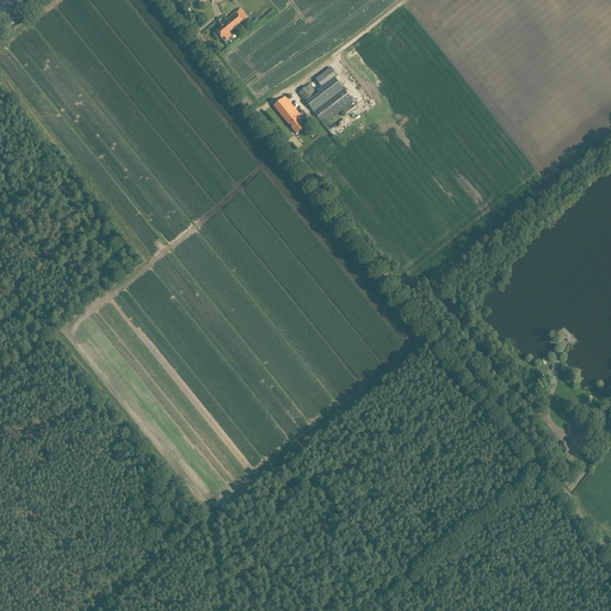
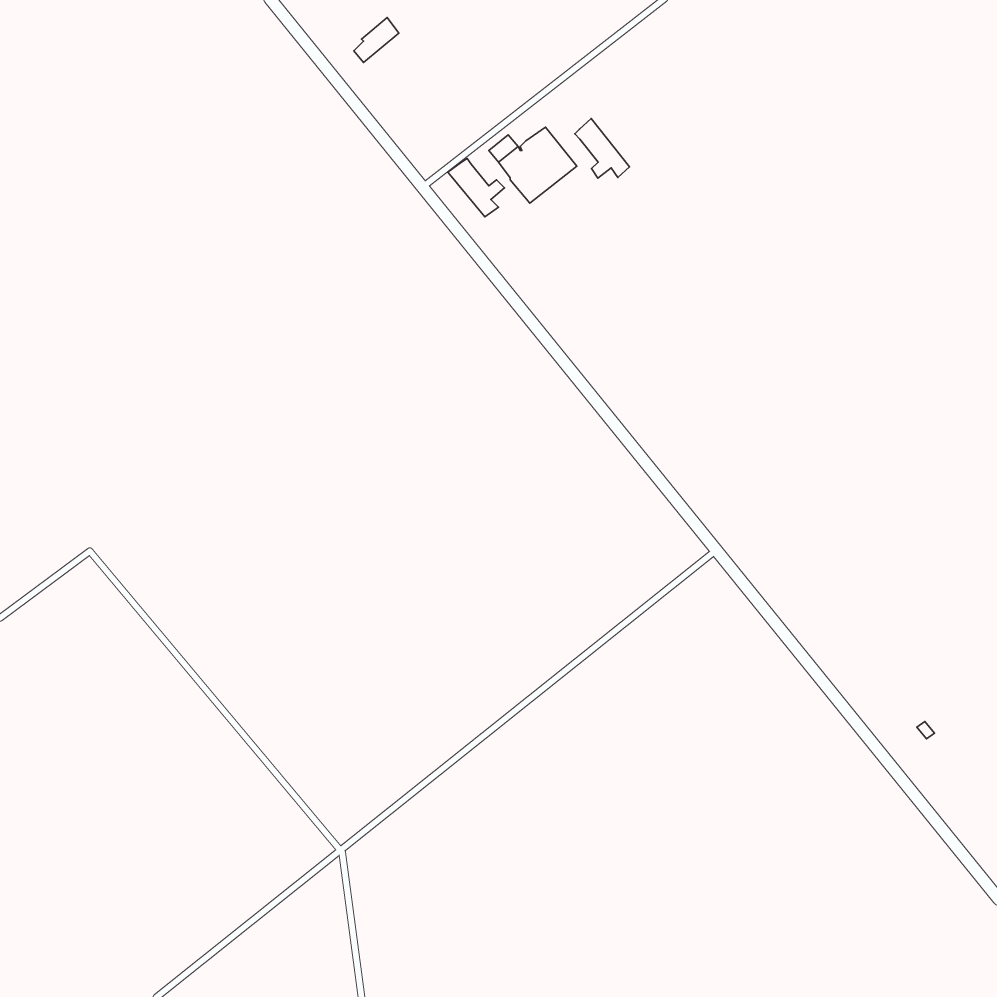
building: none -> [575,119,629,178]

